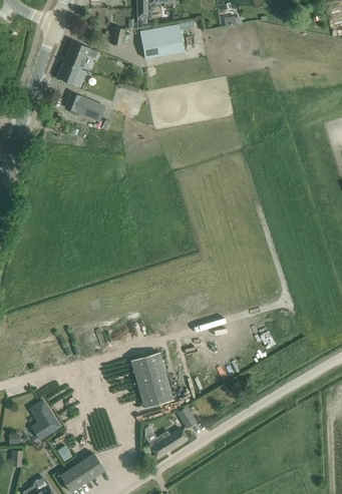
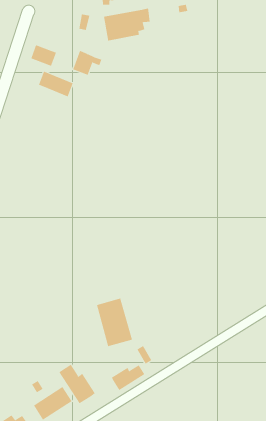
building: [62,40,97,69] -> [72,50,102,75]
building: [29,400,59,440] -> none
building: none -> [59,364,96,404]

